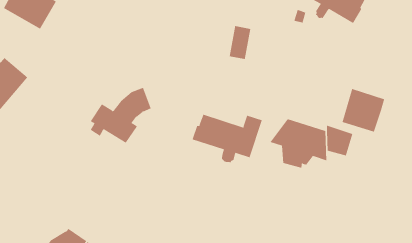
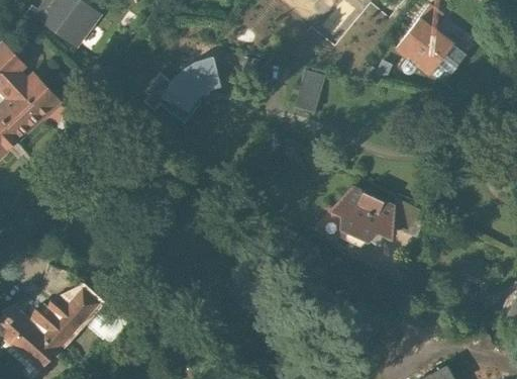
building: [90,87,151,144] -> [142,59,217,122]
building: [342,88,385,132] -> none
building: [192,114,262,163] -> none

